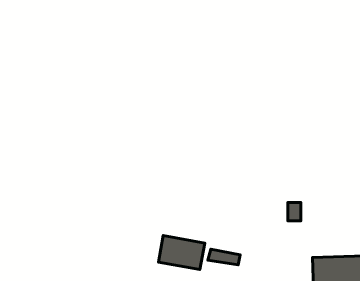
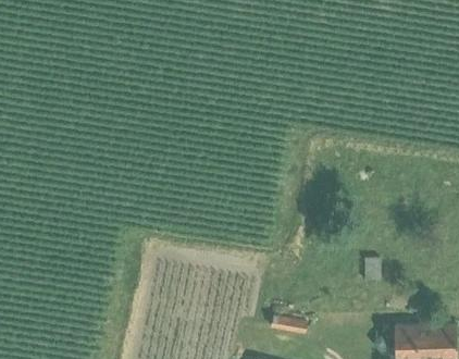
building: [159,235,205,270] -> none

